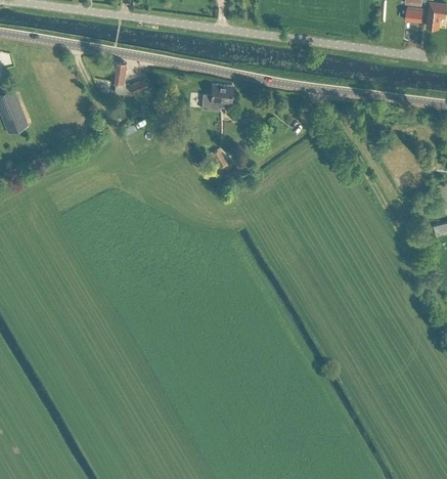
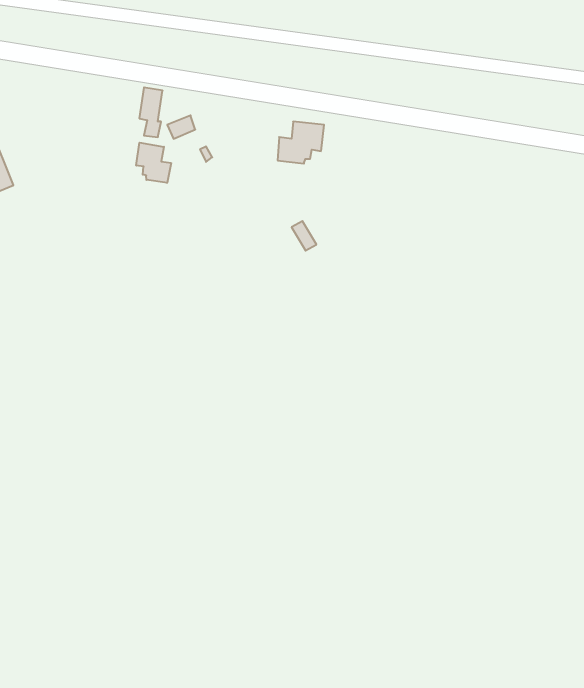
building: none -> [136,143,171,183]

